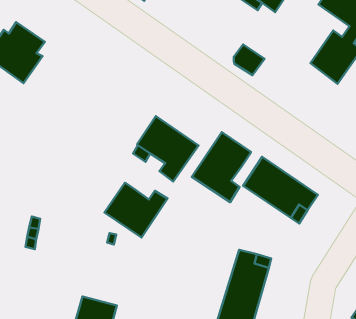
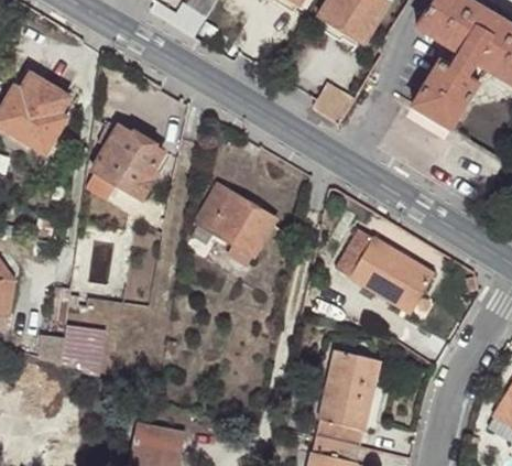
building: none -> [86,126,162,199]
building: [192,132,251,202] -> none
building: [105,183,167,238] -> none

